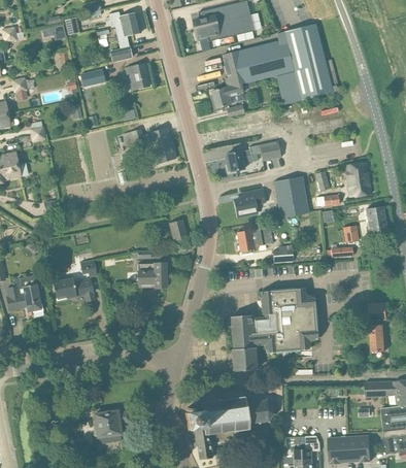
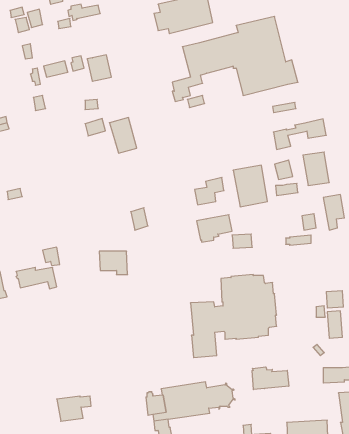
building: [110,21,140,61] -> none
building: [227,140,280,171] -> [273,119,326,149]
building: none -> [252,367,289,390]

